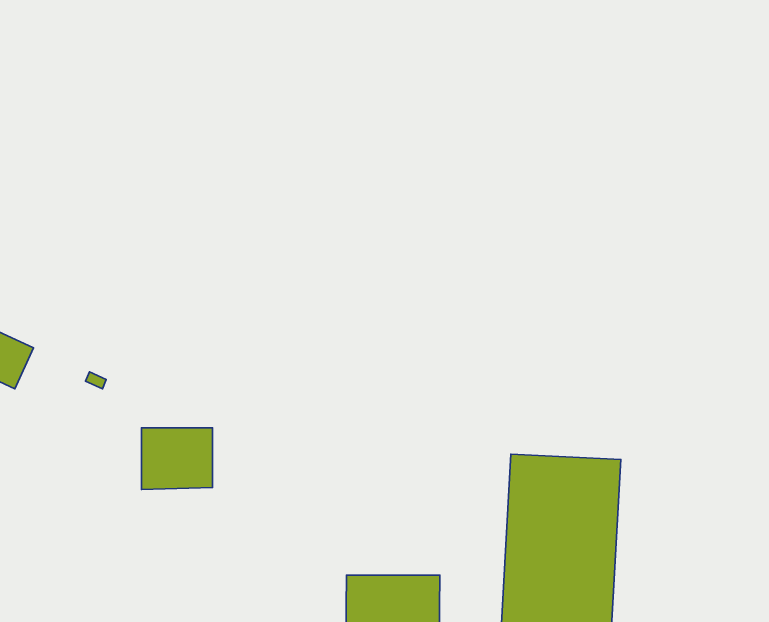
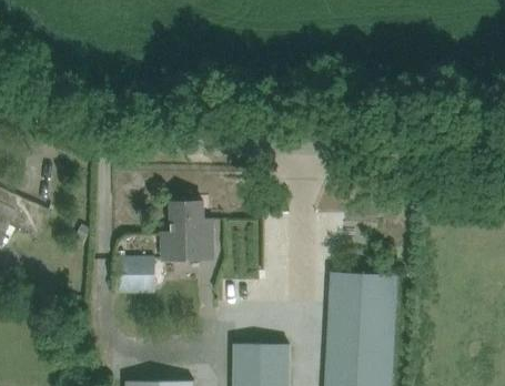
building: none -> [159,202,212,262]

